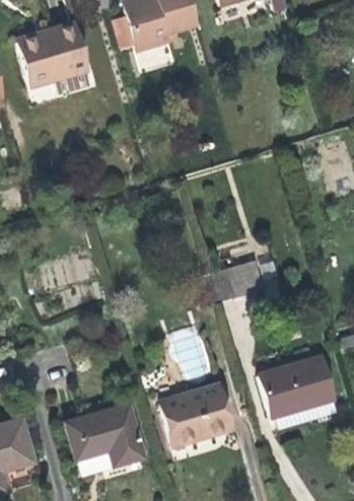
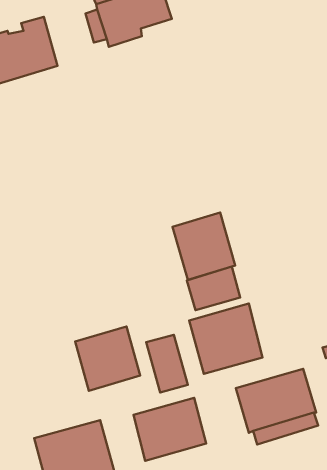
building: none -> [173,212,235,280]
building: none -> [189,304,263,374]
building: none -> [75,326,140,391]

